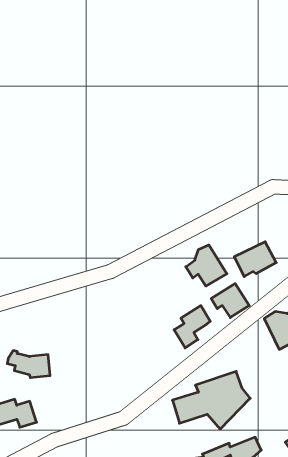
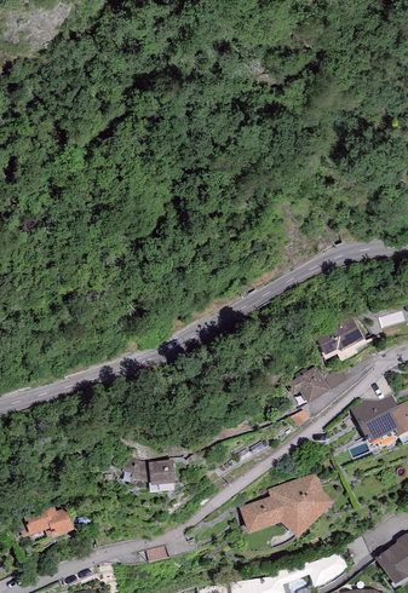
building: [186,245,227,286] -> none
building: [174,306,210,348] -> none
building: [7,351,50,378] -> [123,454,176,487]

